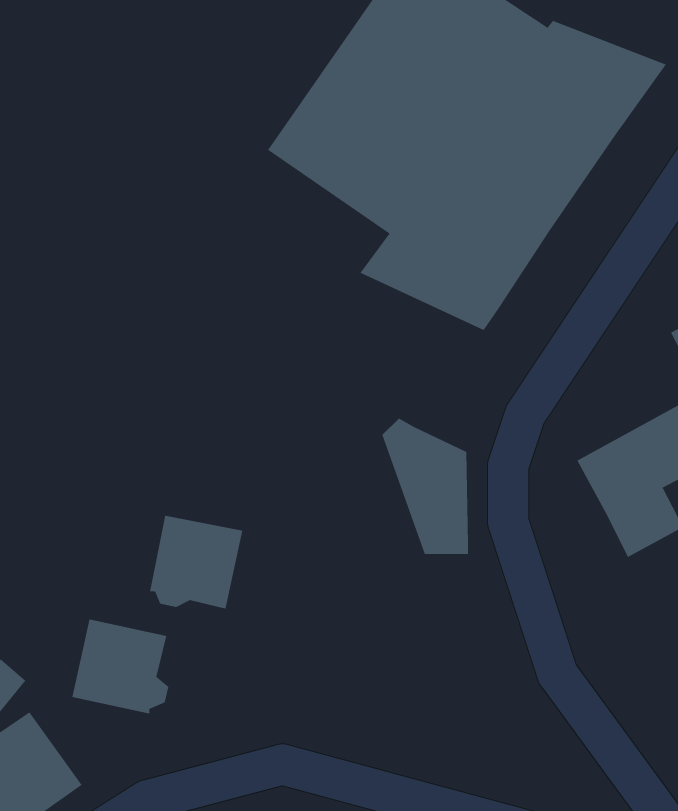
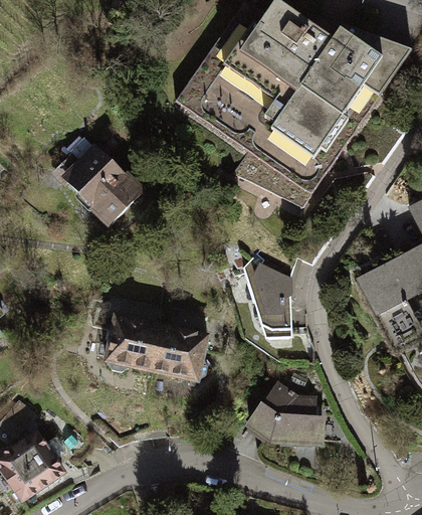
building: none -> [53,136,142,224]
building: [72,619,169,714] -> [150,324,207,380]
building: none -> [246,383,327,448]

